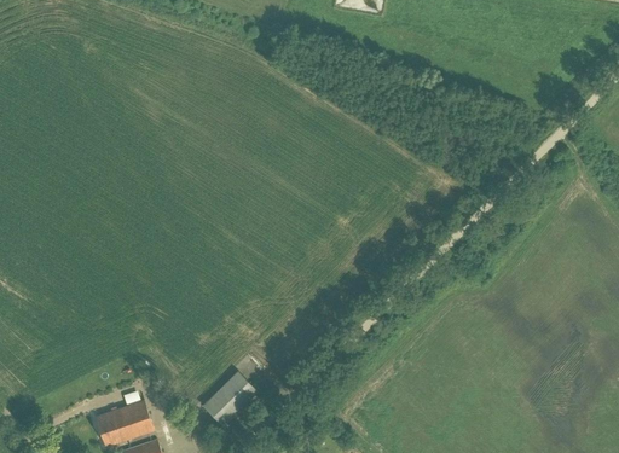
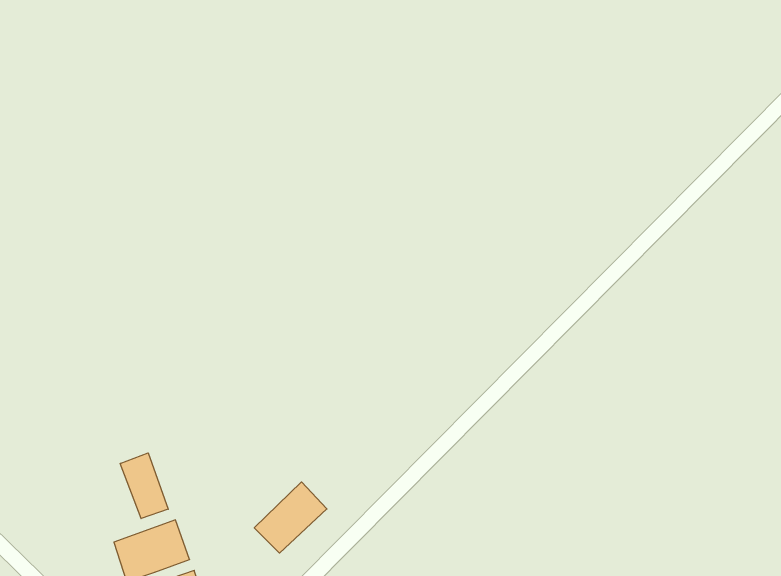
building: none -> [120,453,168,519]

